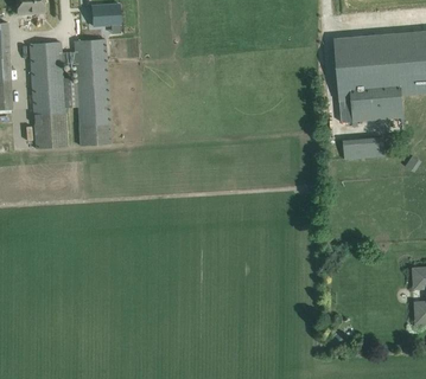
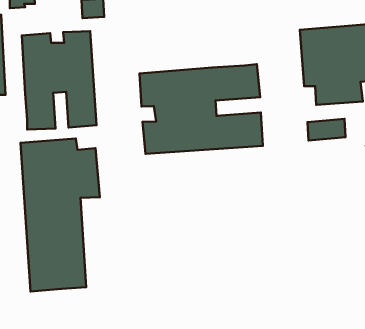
building: none -> [140,64,263,154]
building: none -> [20,139,100,291]

